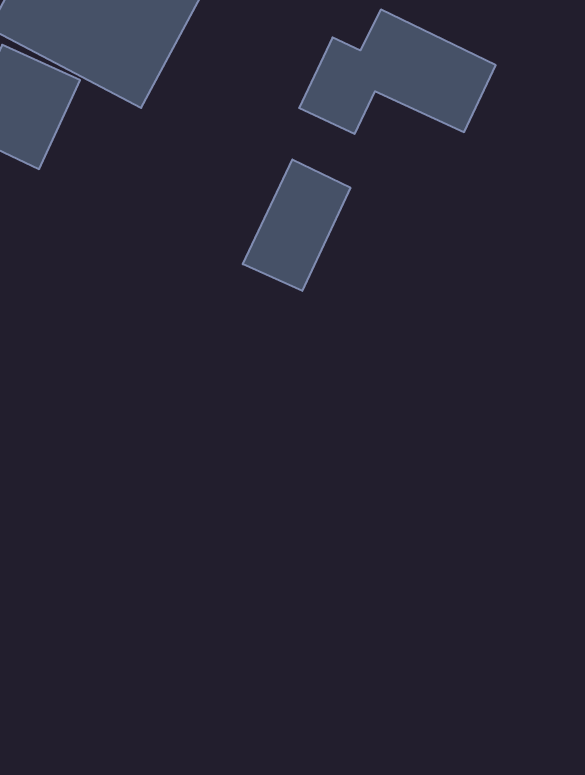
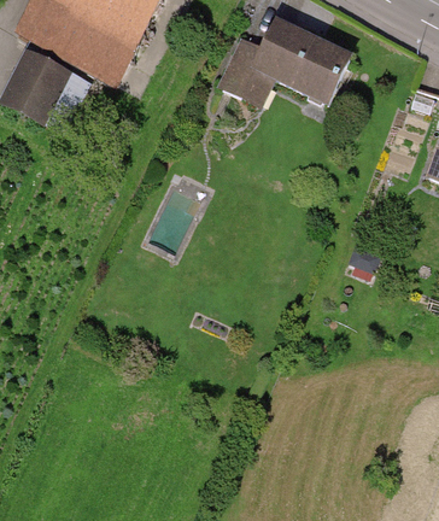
building: [243,159,350,291] -> none

